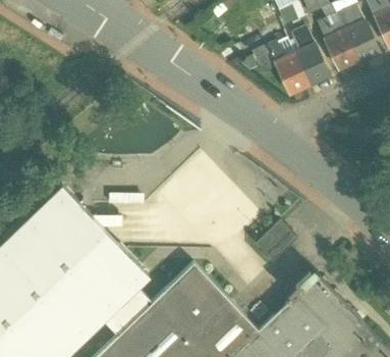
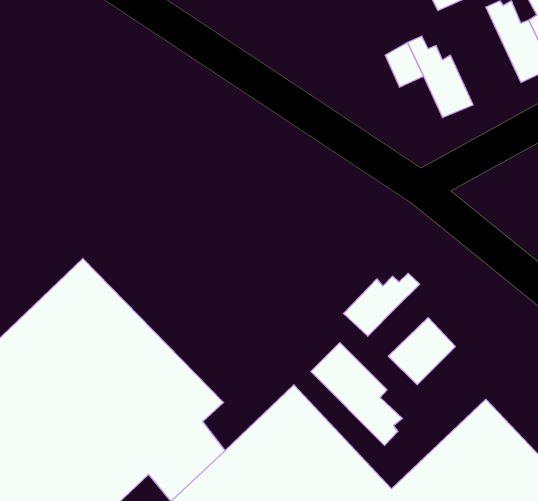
building: [292,30,329,87] -> none
building: none -> [343,273,420,336]
building: none -> [311,343,402,445]

